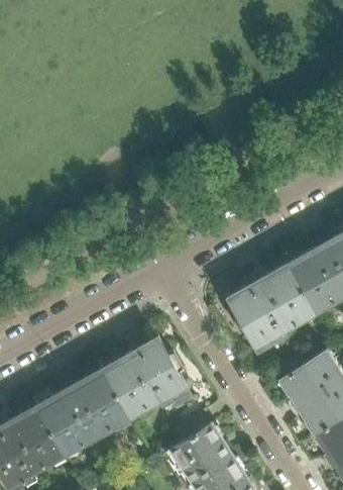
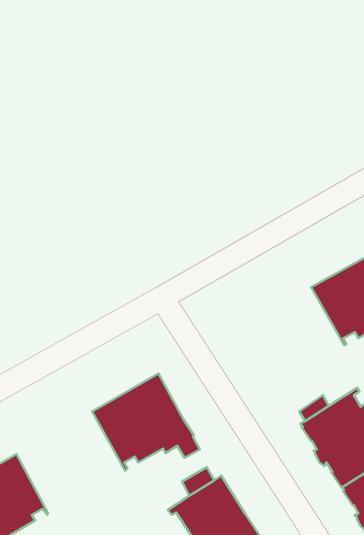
building: [234,264,316,349] -> none
building: [36,370,129,457] -> none

